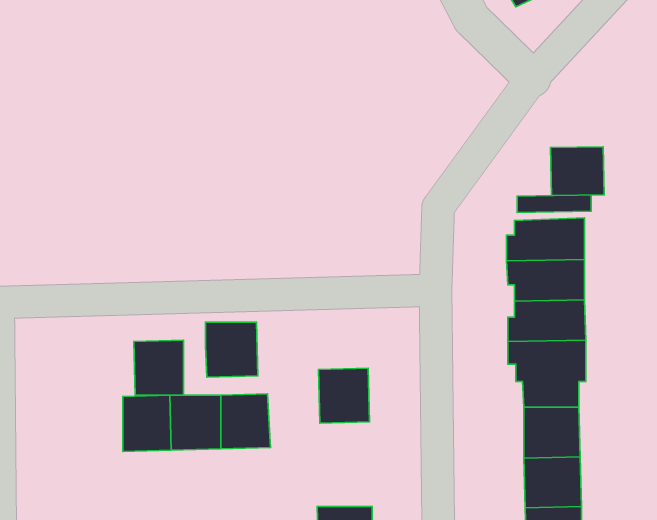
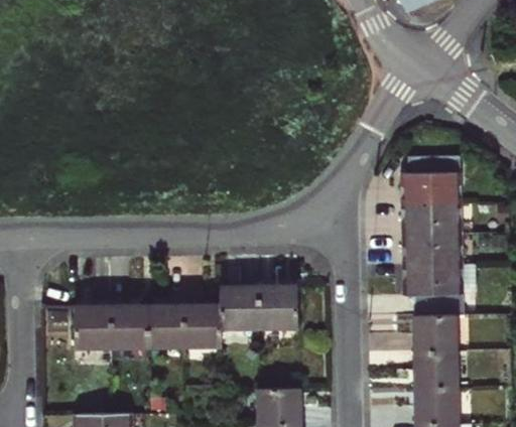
building: [550,147,604,196] -> none
building: [205,322,258,377] -> [221,286,260,327]
building: [134,340,183,395] -> [75,306,112,347]

